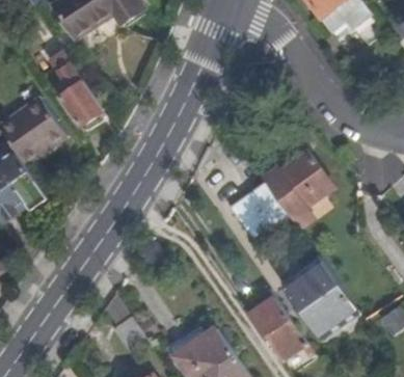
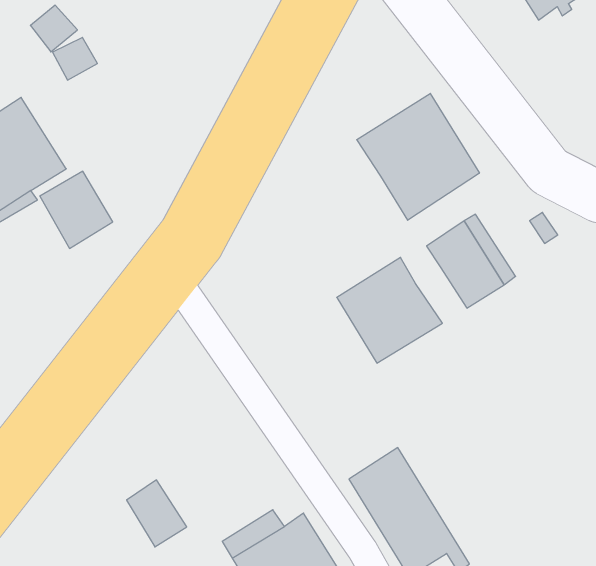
building: [61,81,104,126] -> [40,171,113,248]
building: none -> [357,93,479,220]
building: [277,260,355,335] -> none

